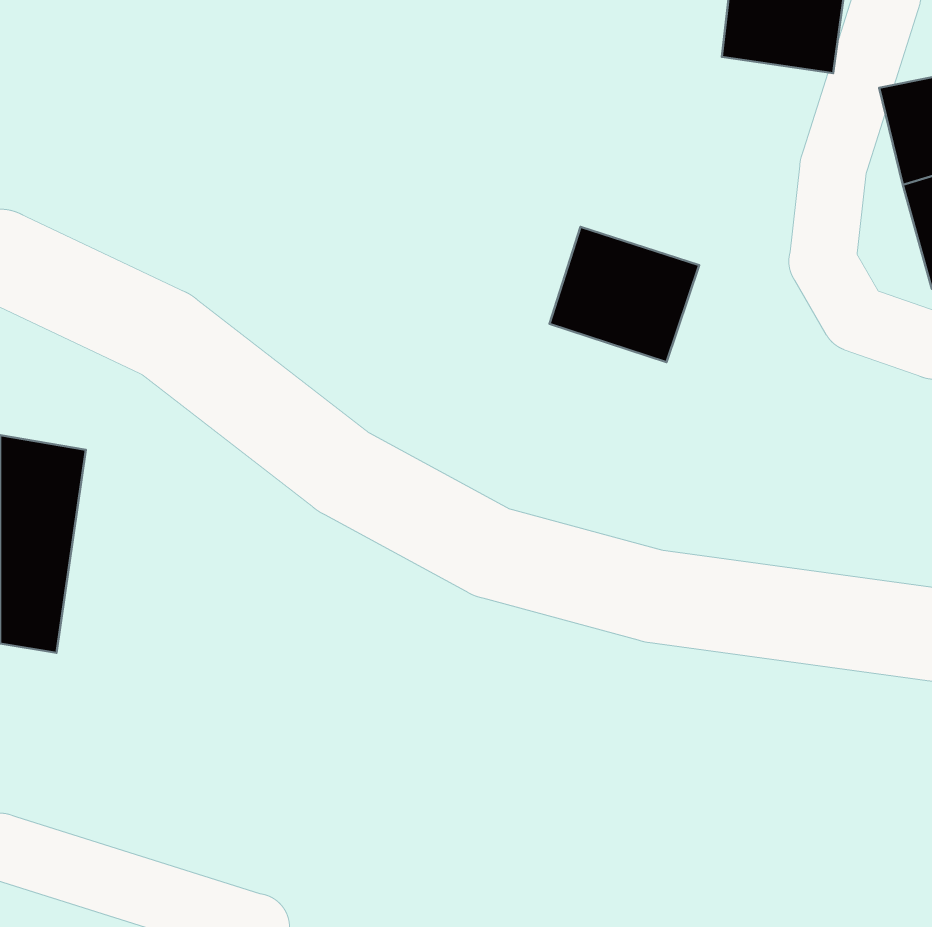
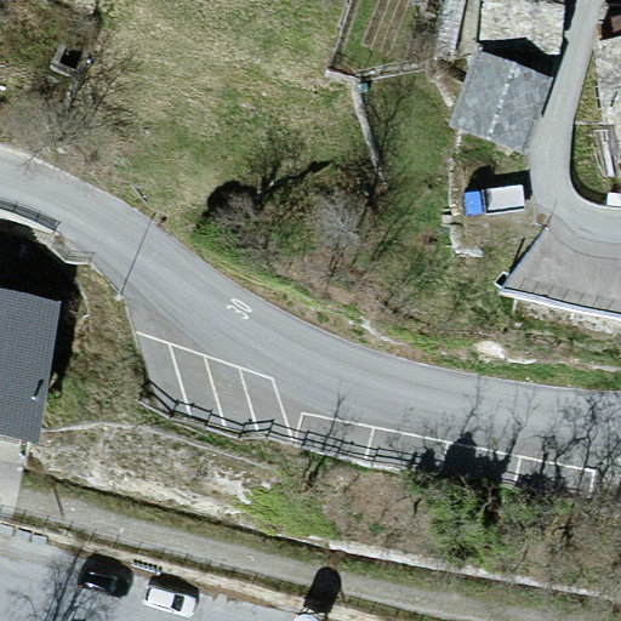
building: [549,227,699,362] -> [451,51,551,141]

